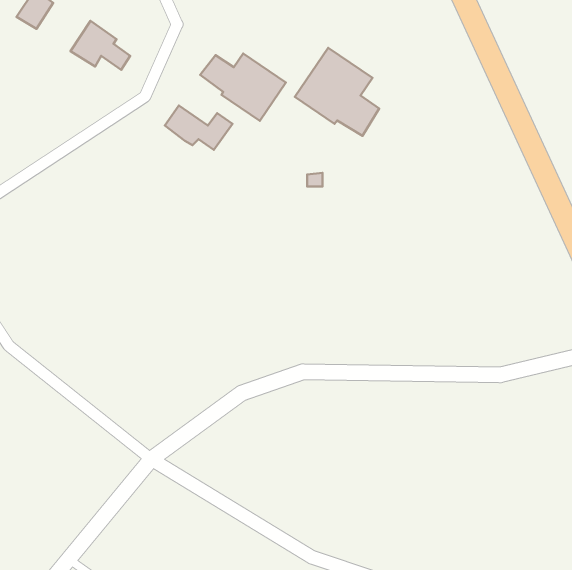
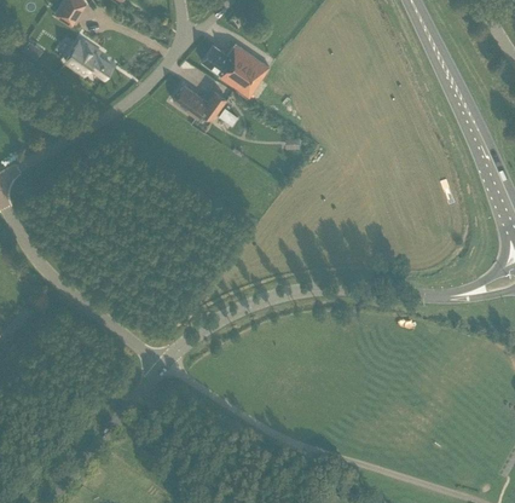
building: [71,21,130,70] -> [63,39,110,77]
building: [295,48,379,136] -> none

